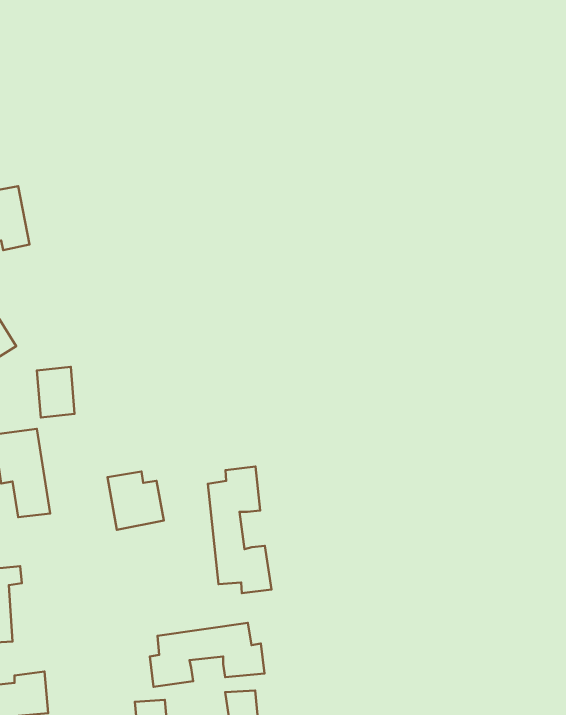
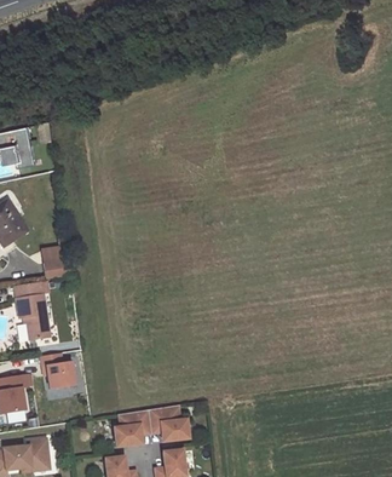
building: [208,467,272,593] -> none
building: [108,471,164,530] -> [41,351,77,389]

